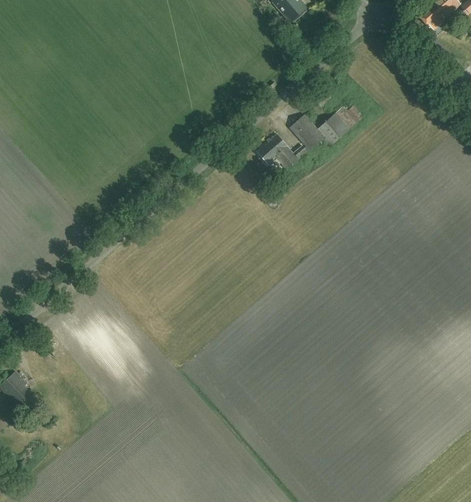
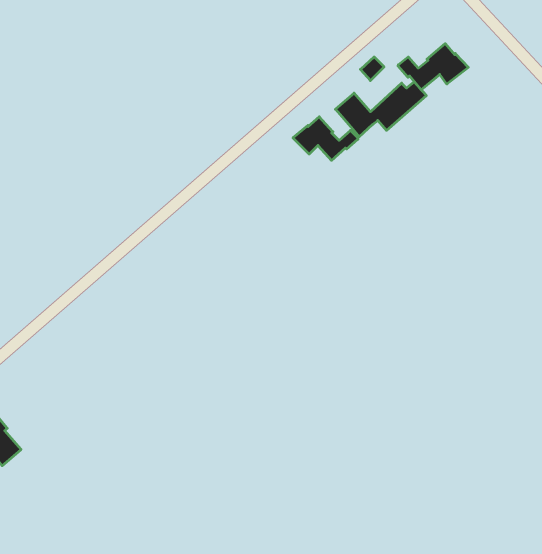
building: none -> [398,44,468,90]

